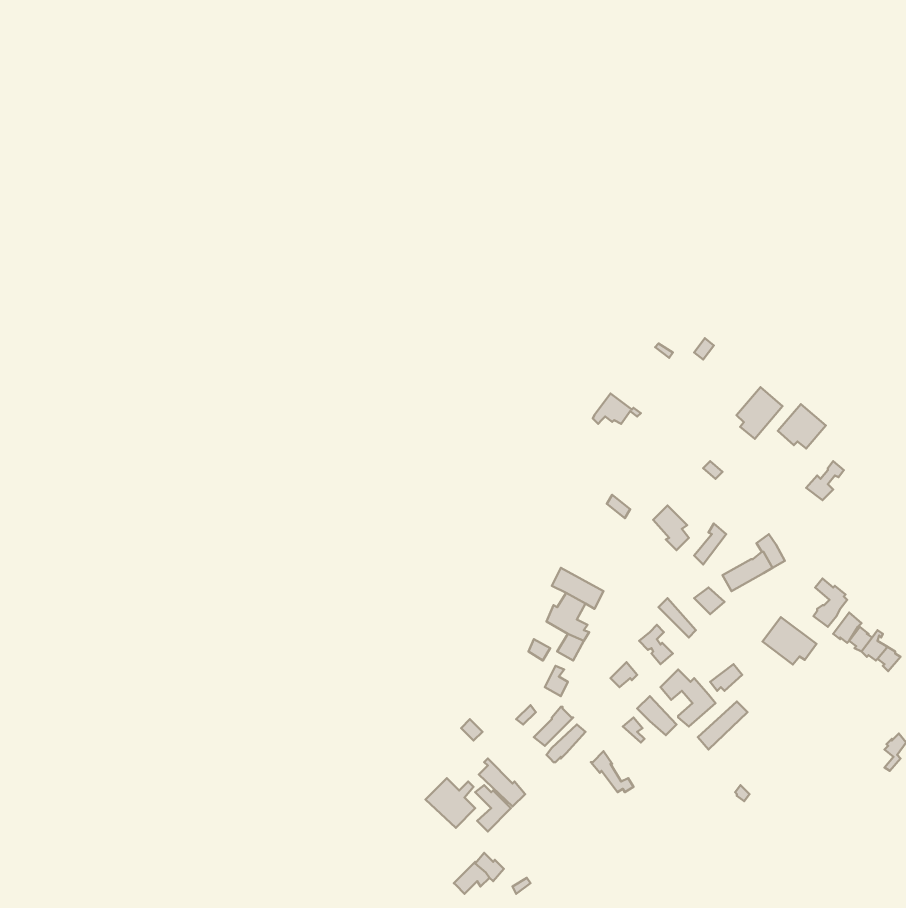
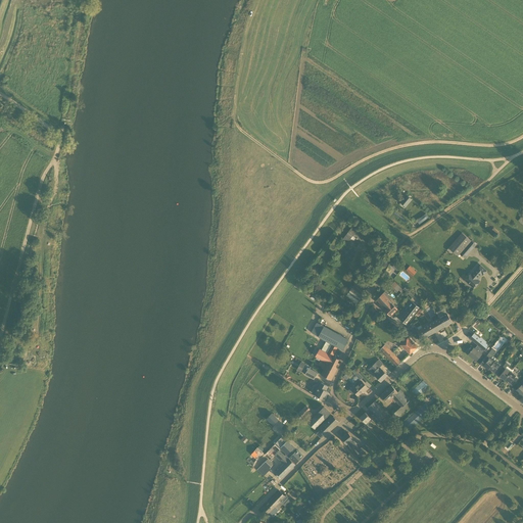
building: [736,387,783,439] -> none
building: [762,617,816,665] -> none

